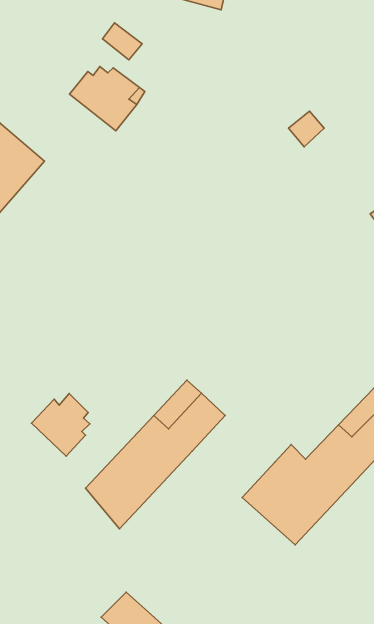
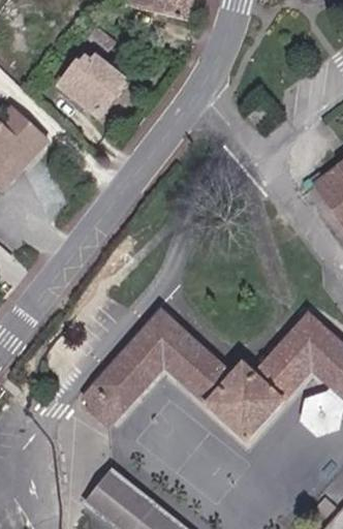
building: [31,393,90,456] -> none
building: none -> [165,336,230,400]

